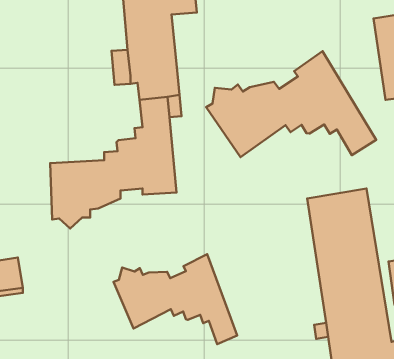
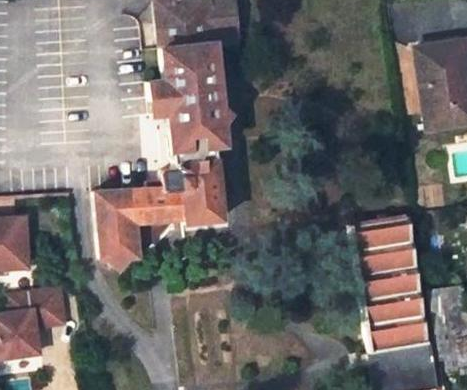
building: [206,51,376,157] -> none
building: [114,254,237,344] -> none

